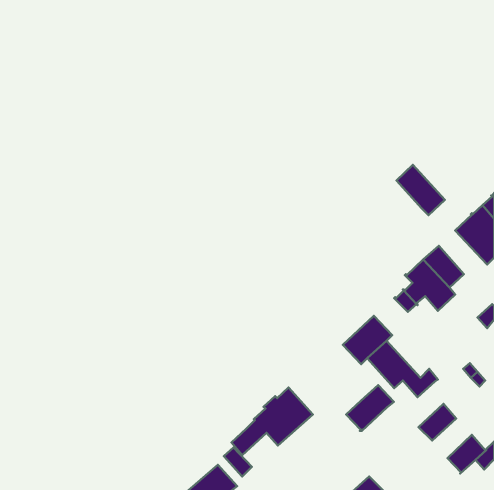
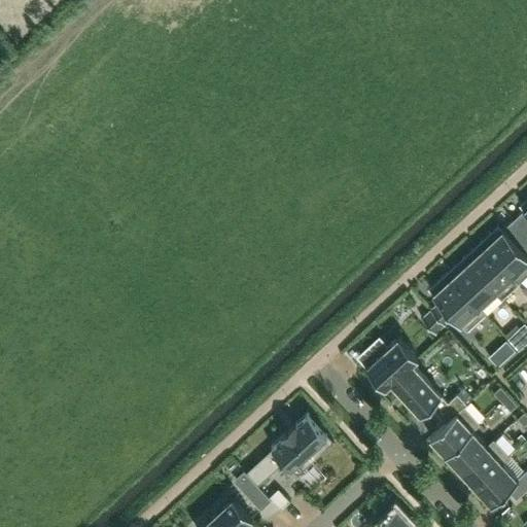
building: [397,165,445,215] -> [466,250,518,304]
building: [346,385,394,431] -> [428,411,479,459]
building: none -> [459,444,508,492]

